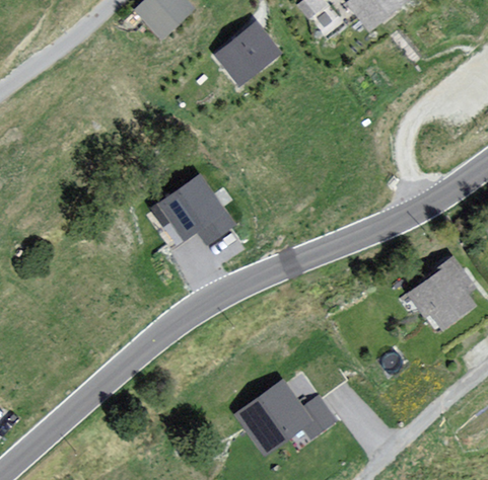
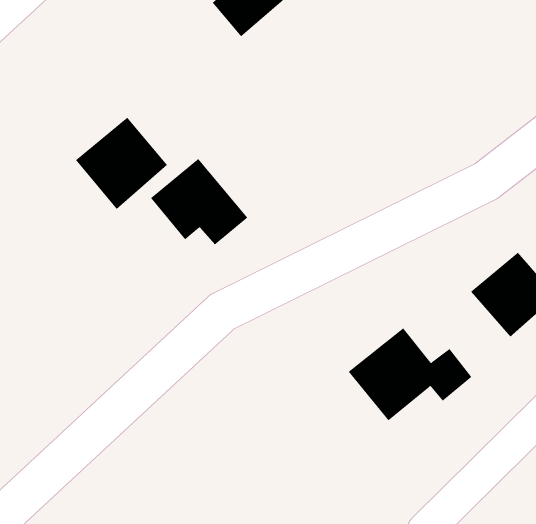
building: none -> [75,117,168,210]
building: [235,379,333,452] -> [348,328,472,421]

